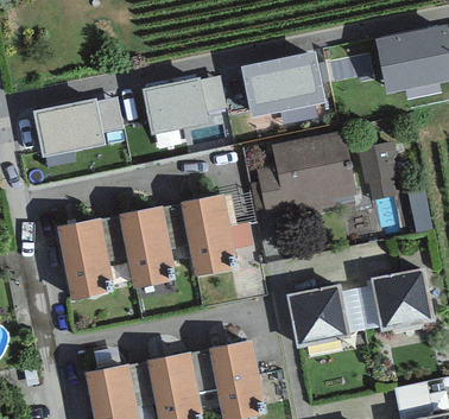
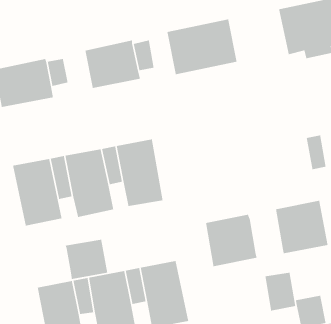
building: [249,129,356,218] -> none
building: [358,140,400,199] -> none
building: [341,285,379,332] -> [264,272,296,311]
building: none -> [64,239,108,280]

